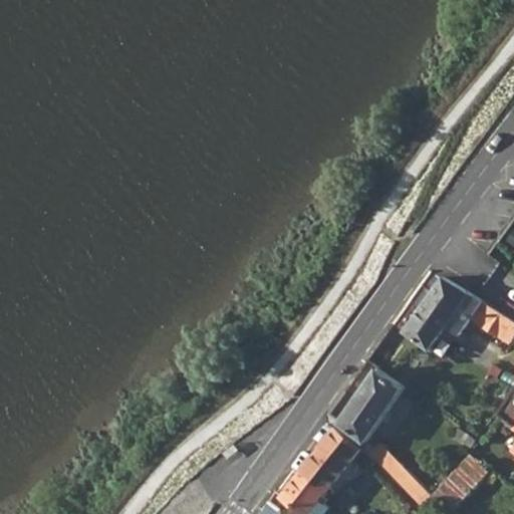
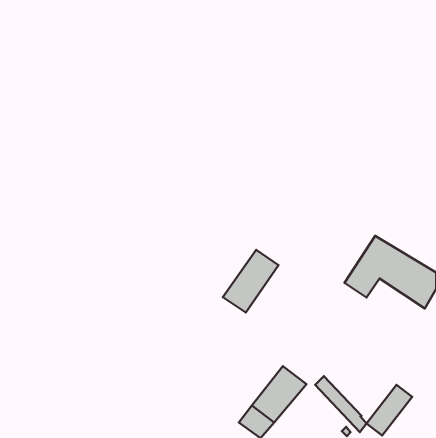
building: [336,368,402,442] -> [223,250,279,312]

